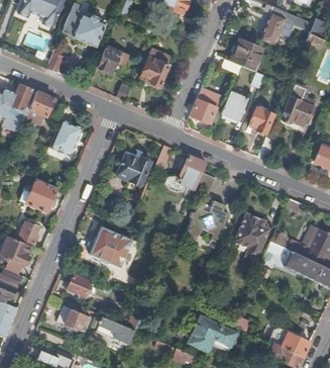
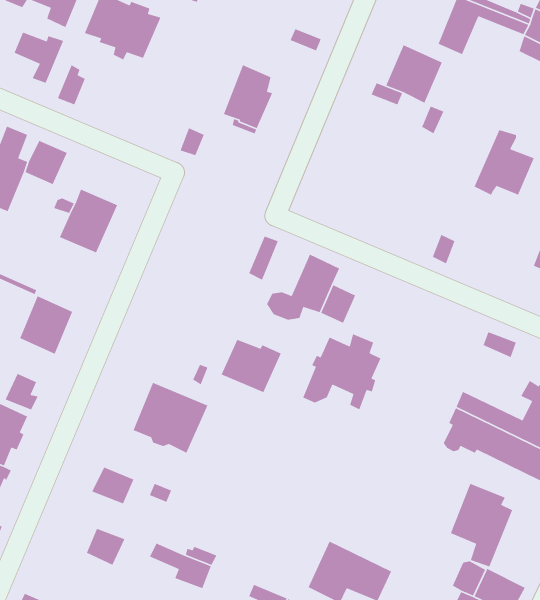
building: [97,45,128,72] -> none
building: [221,90,248,120] -> none
building: [190,98,217,123] -> none
building: [249,107,273,133] -> none
building: [116,154,150,184] -> [220,339,282,393]
building: [234,212,269,260] -> [450,483,513,568]

